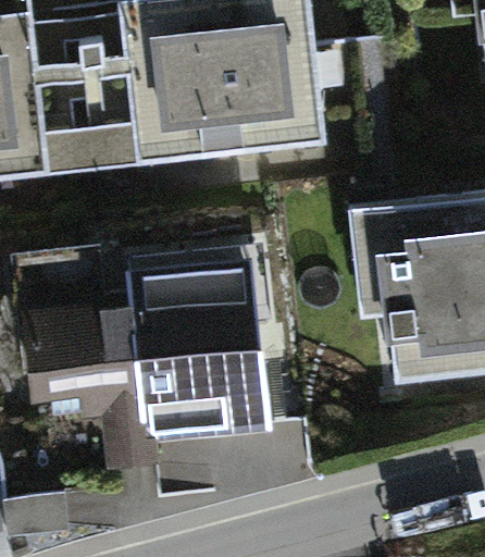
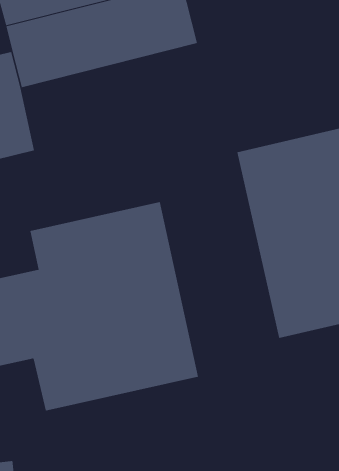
building: [128,75,331,165] -> none

